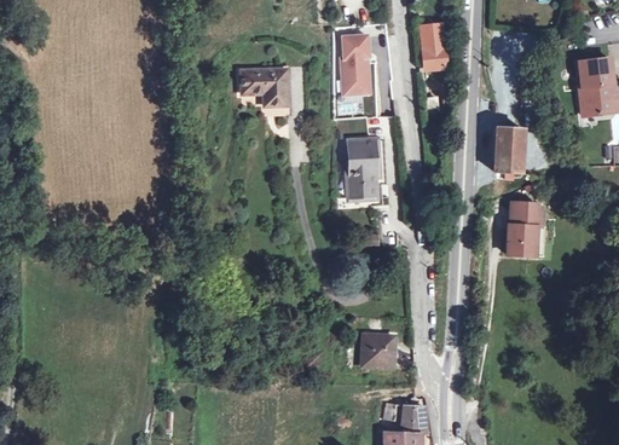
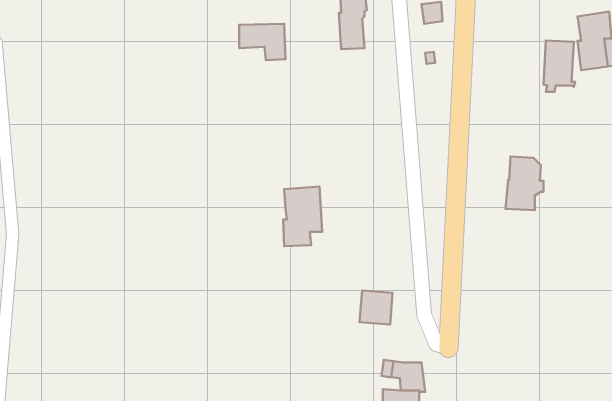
building: [493,127,525,178] -> [544,41,575,92]
building: [347,139,386,198] -> [283,187,322,246]

